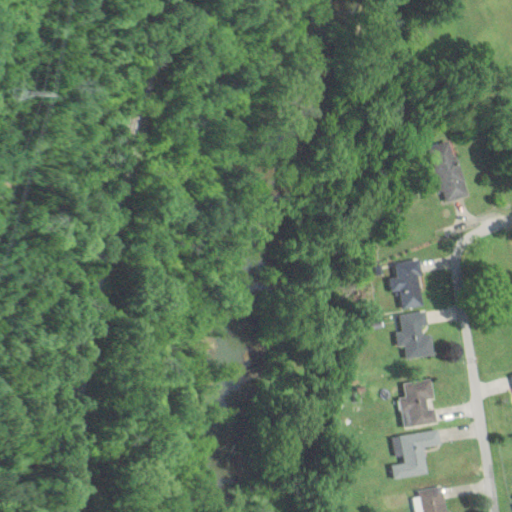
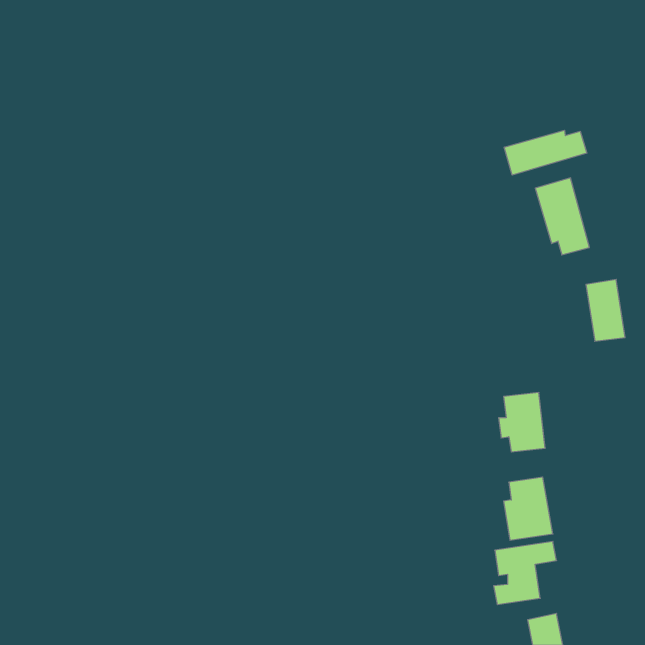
building: none -> [504,130,587,175]
building: [394,259,425,308] -> [586,279,625,341]

